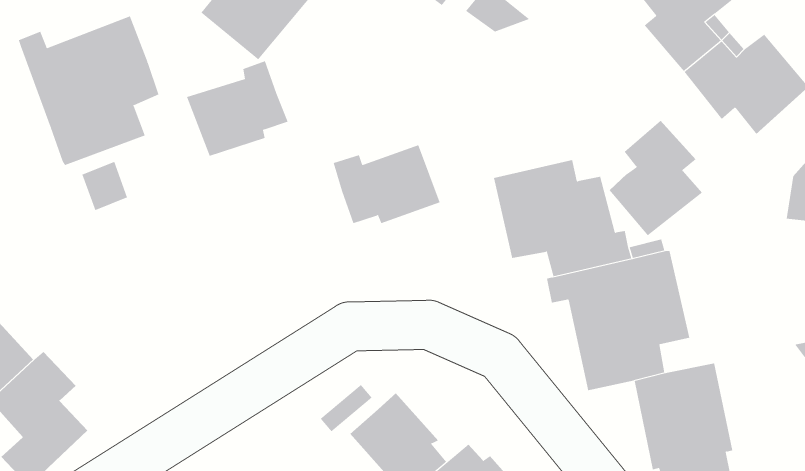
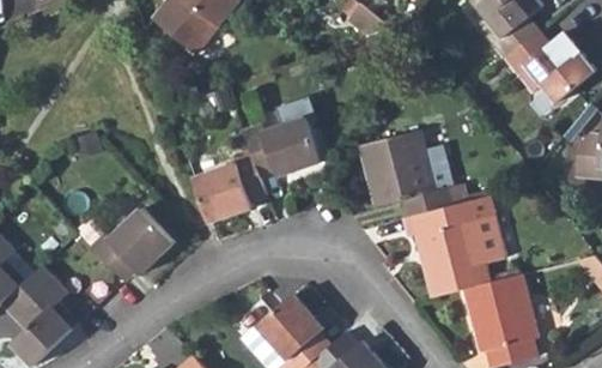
building: [18,16,159,166] -> none
building: [186,61,289,156] -> [195,151,269,221]
building: [609,120,703,236] -> none
building: none -> [74,209,168,280]

